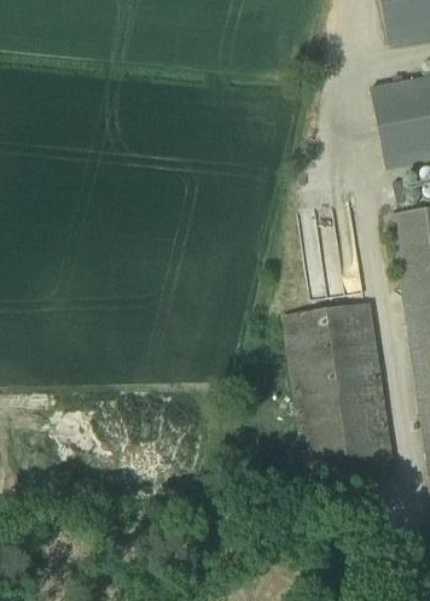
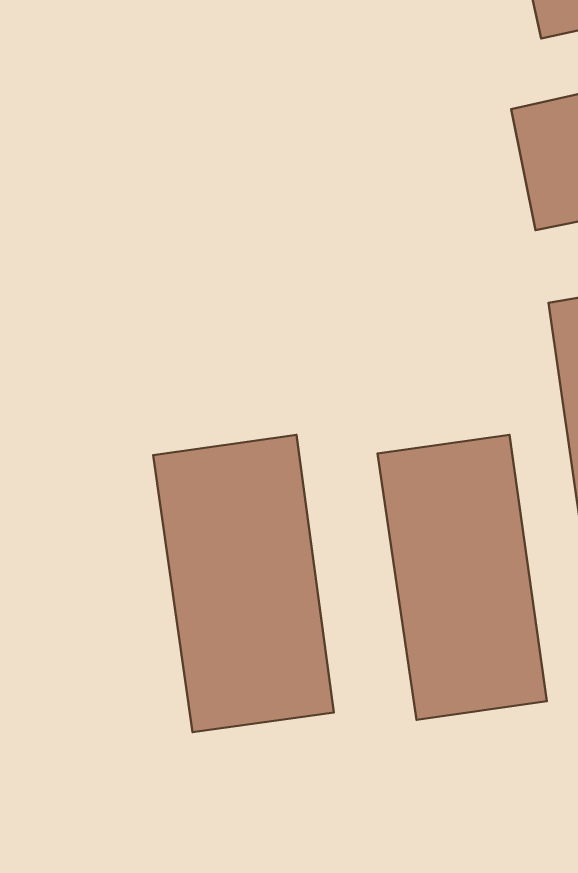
building: none -> [153,435,334,732]

